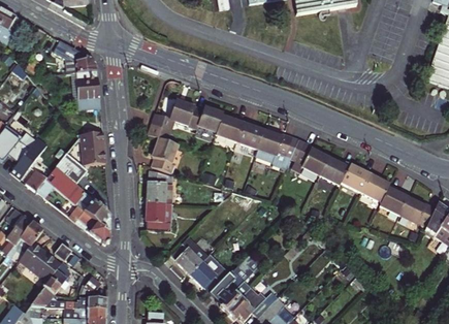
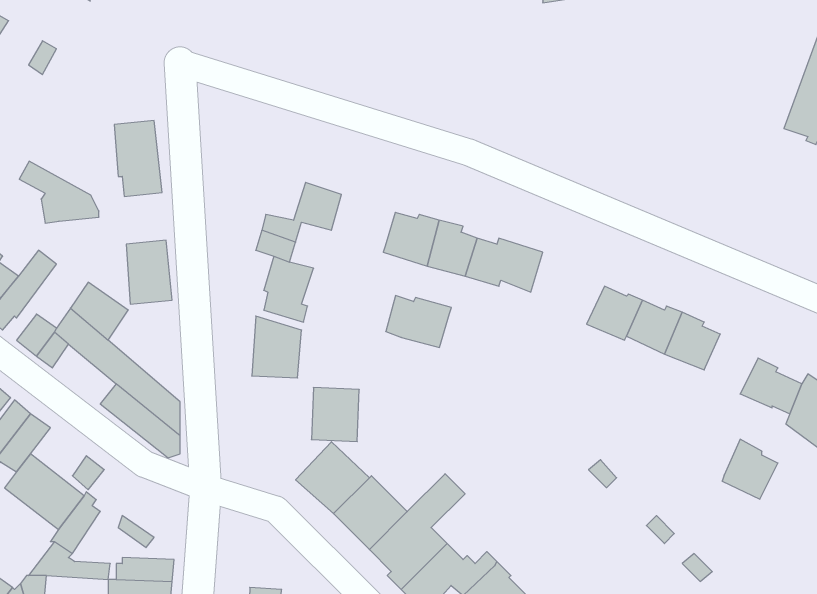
building: [56,41,97,73] -> [19,161,99,223]
building: [189,108,223,135] -> [386,296,451,347]
building: [291,138,330,175] -> none
building: [381,181,410,212] -> [722,439,778,499]
building: [147,202,171,230] -> [311,388,359,442]

